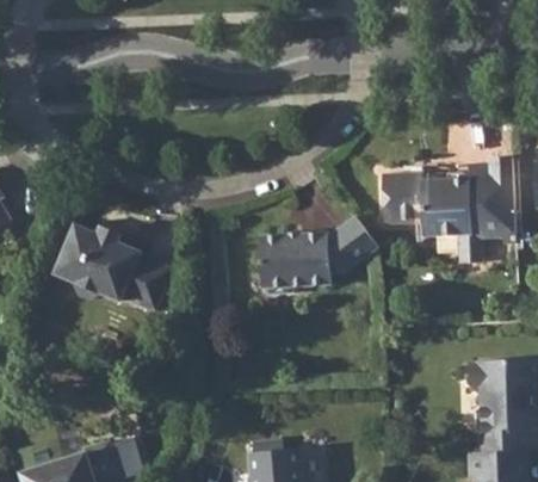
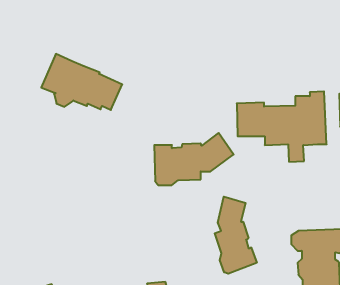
building: [51,224,172,308] -> [41,54,122,110]
building: none -> [215,197,257,274]

